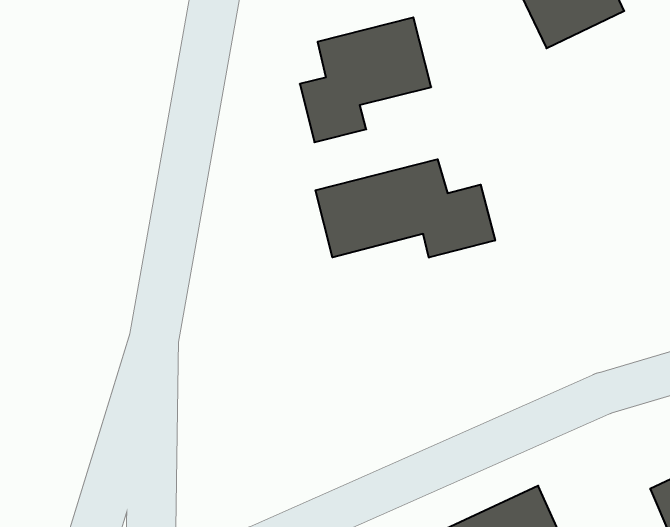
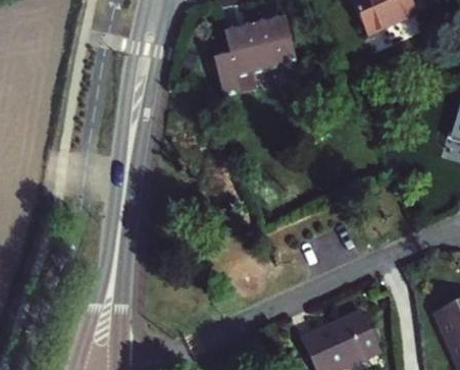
building: [315,159,495,258] -> none

